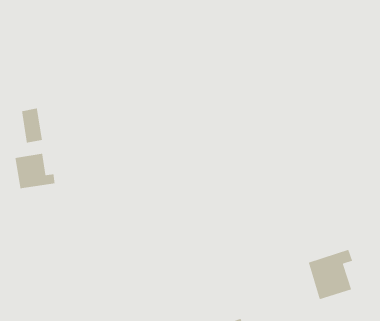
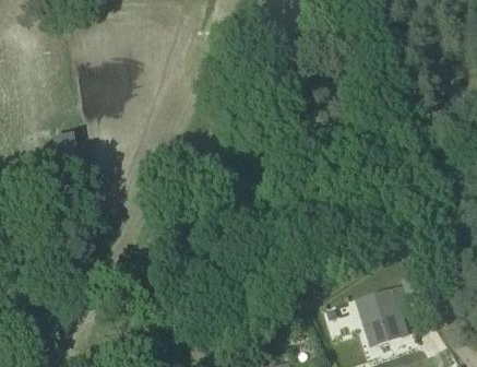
building: [15,153,56,189] -> none

